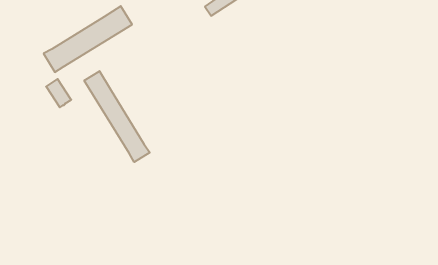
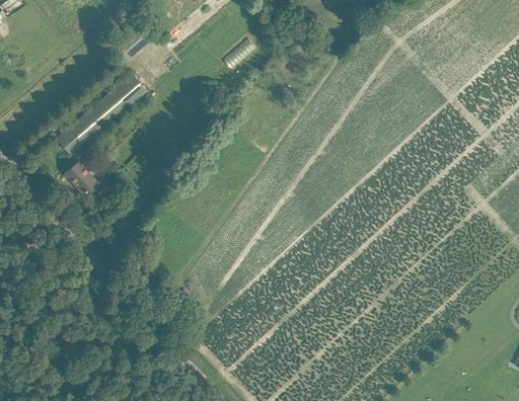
building: [84,71,150,162] -> none

